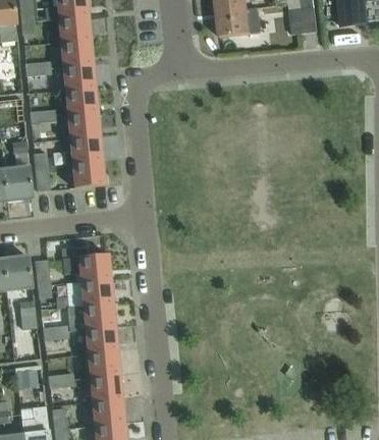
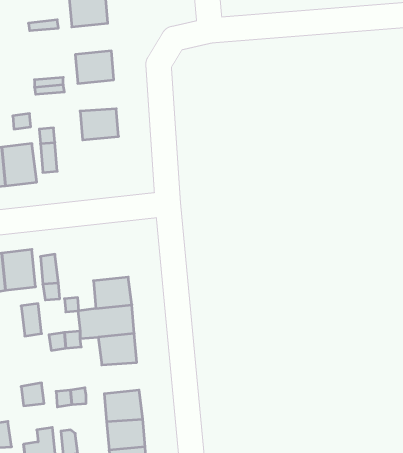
building: [61,63,95,90] -> none
building: [66,111,99,138] -> none
building: [70,159,104,186] -> none
building: [62,253,109,281] -> none
building: [87,350,118,377] -> none

